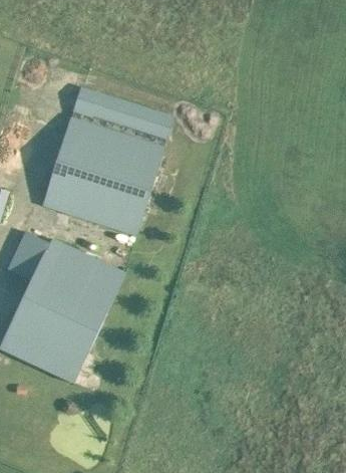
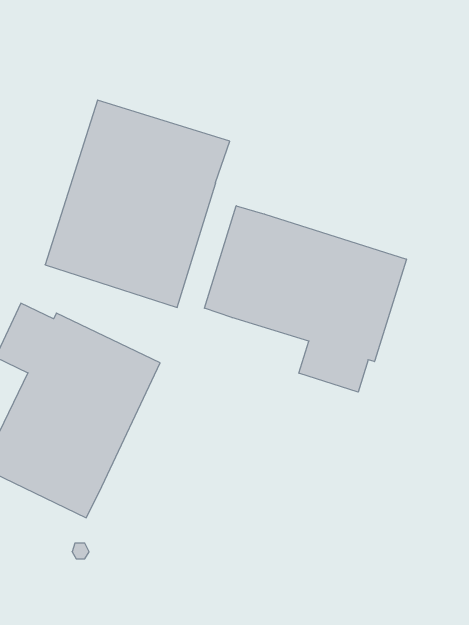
building: none -> [204,206,406,392]

